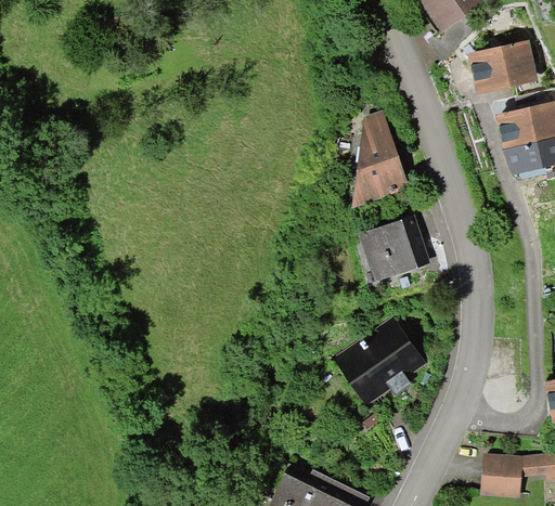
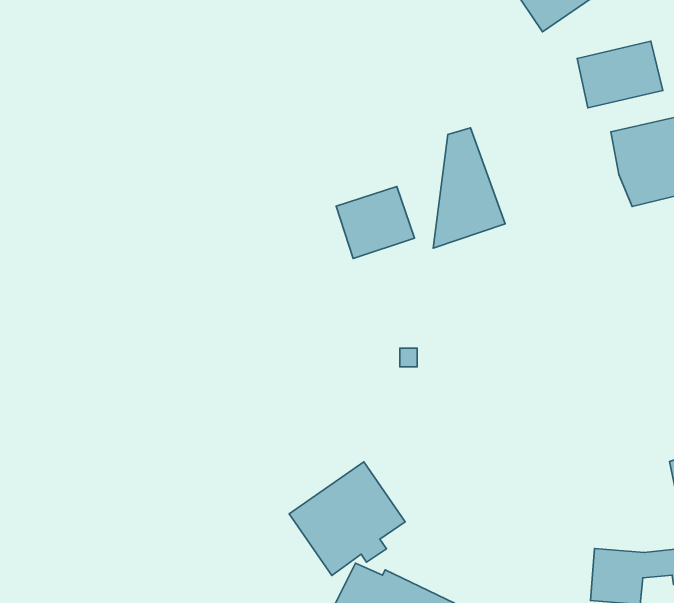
building: none -> [336,186,415,258]
building: [359,219,418,282] -> none
building: [333,314,427,406] -> [289,462,405,575]

